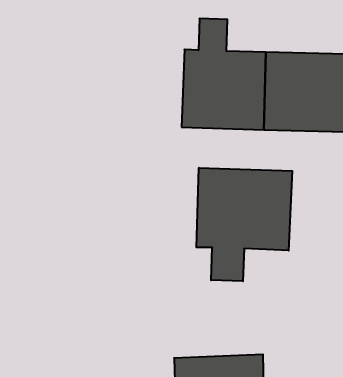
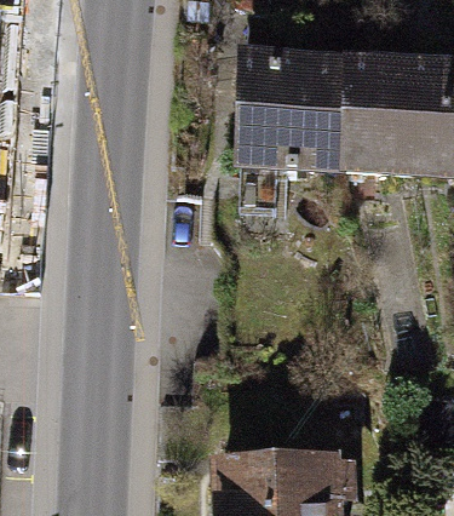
building: [196,168,292,281] -> none

